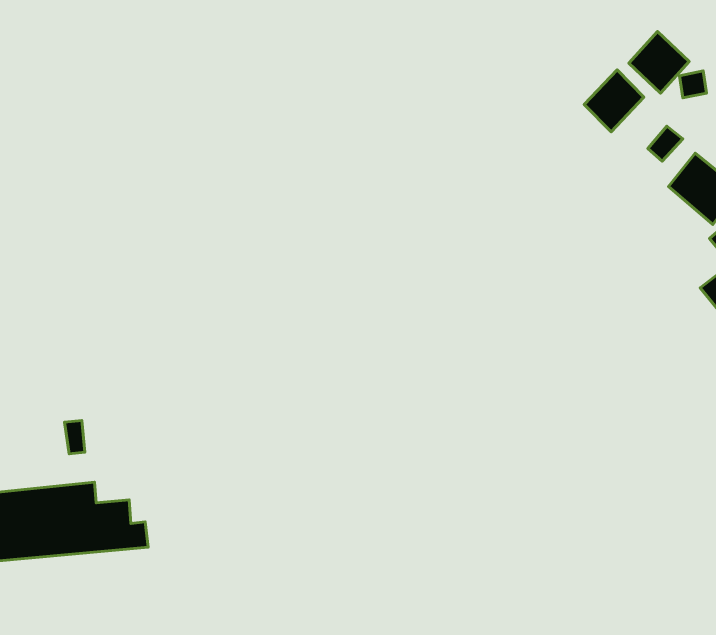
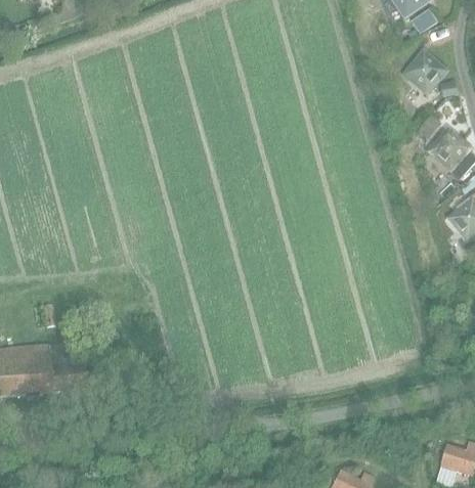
building: [584,70,644,132] -> none

